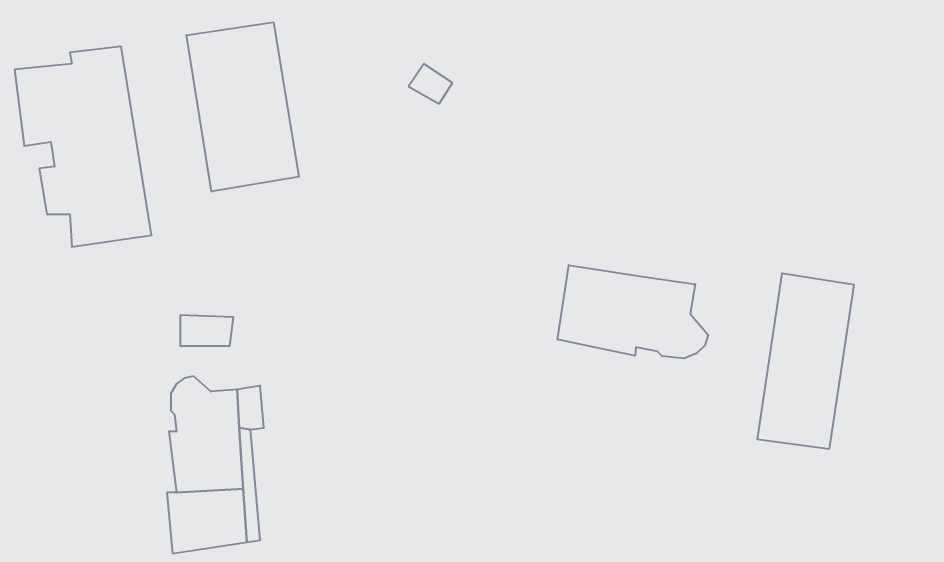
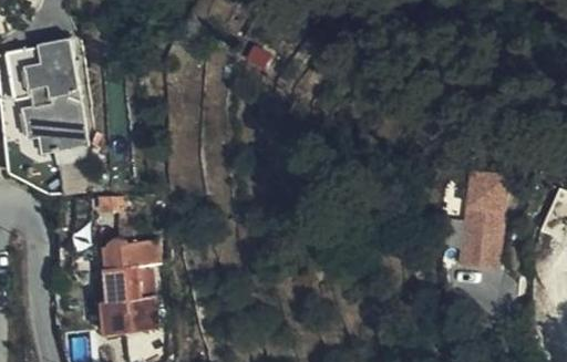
building: [186,22,299,192] -> none
building: [558,265,708,358] -> none

